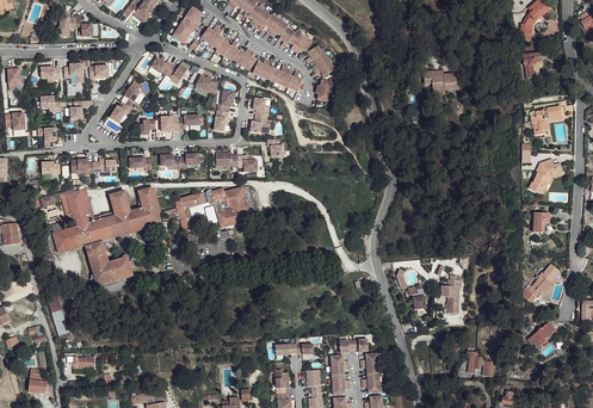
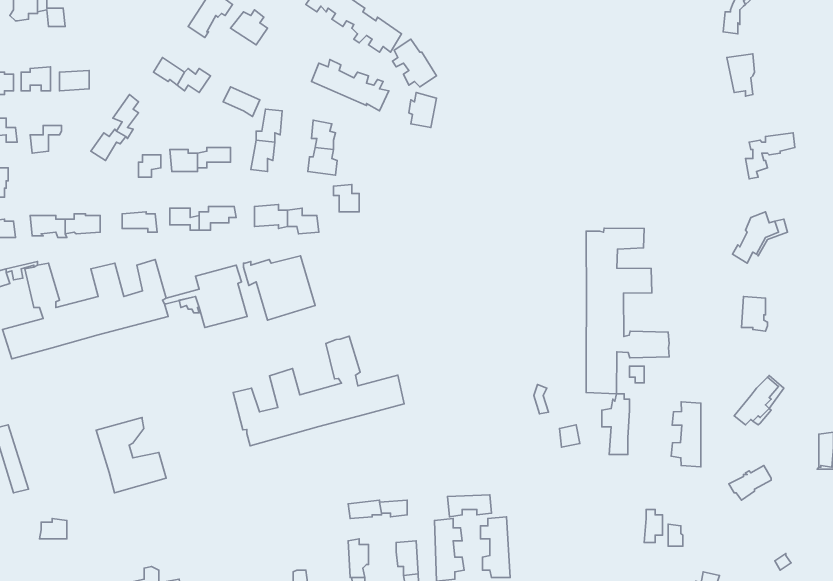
building: [215,35,255,69] -> none
building: [425,69,459,94] -> none
building: none -> [586,228,669,394]
building: [84,236,129,285] -> [96,417,166,493]
building: none -> [233,336,404,446]
building: none -> [671,402,701,467]

